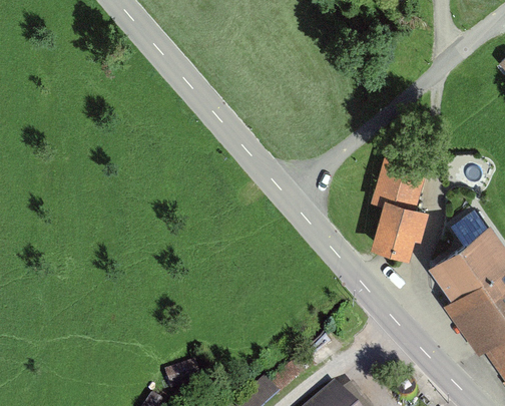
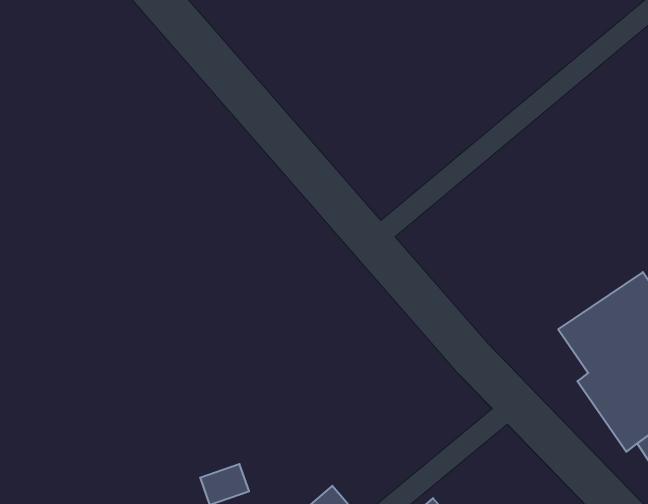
building: [372,164,428,252] -> none

